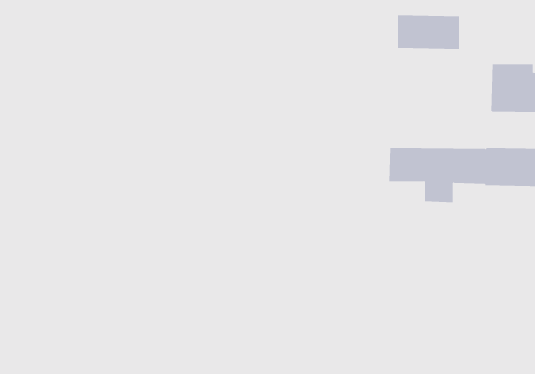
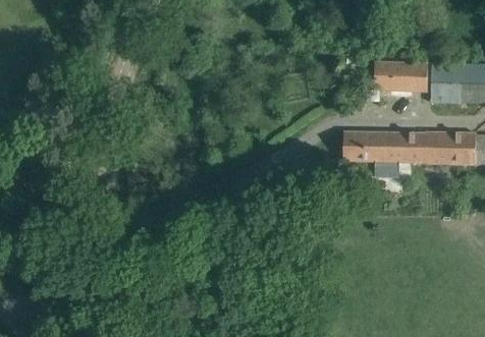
building: [397,15,460,49] -> [375,62,427,91]

